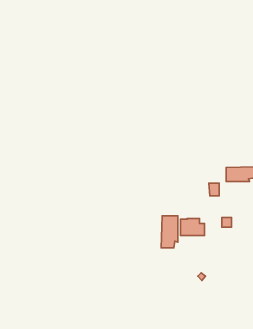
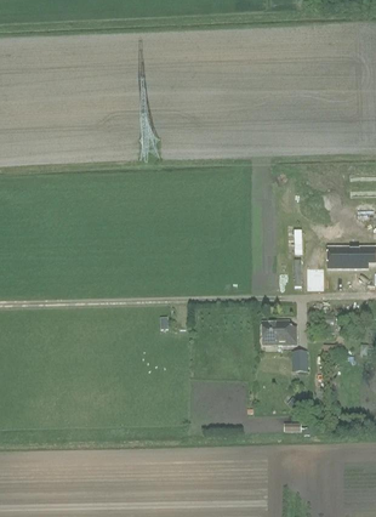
building: [161,216,178,248] -> none

